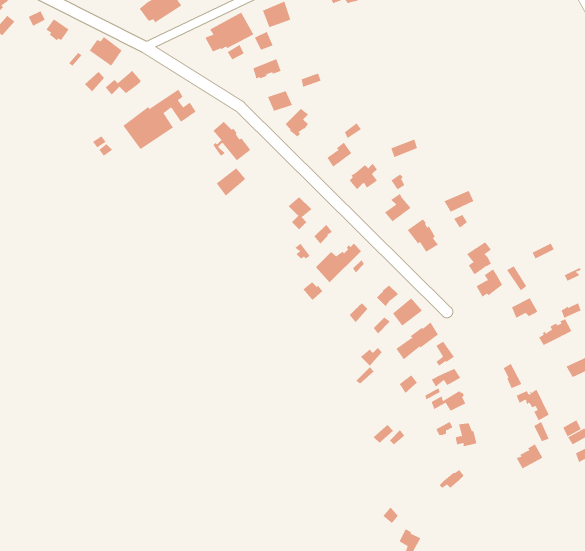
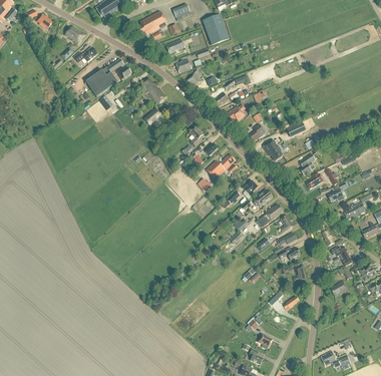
building: none -> [202,13,229,44]

